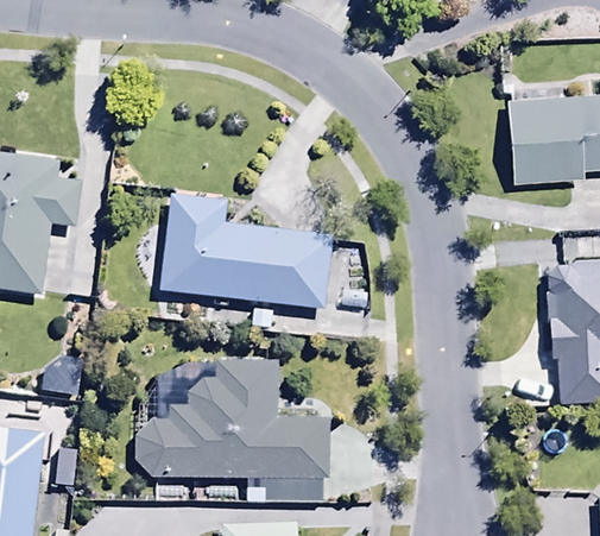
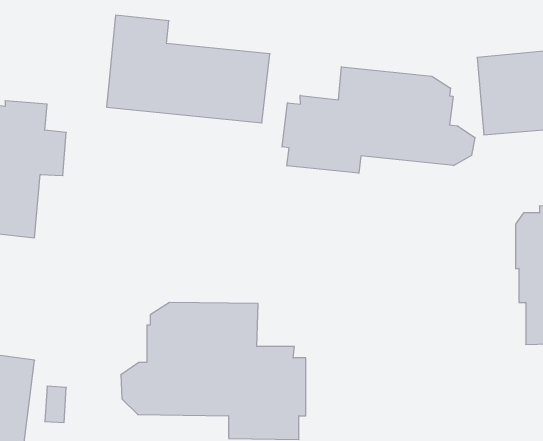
building: none -> [282,67,475,173]
building: [160,194,331,307] -> [107,15,270,123]

